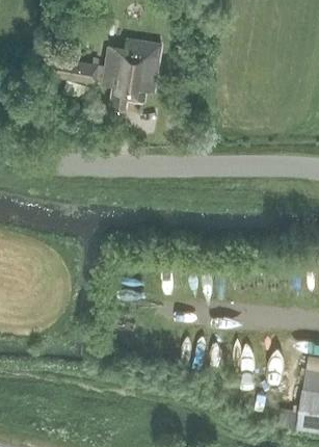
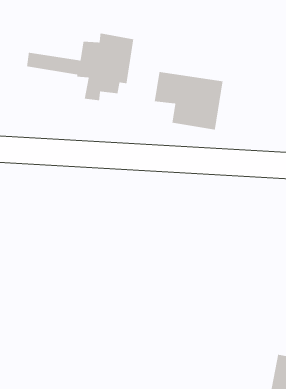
building: none -> [154,71,223,131]

